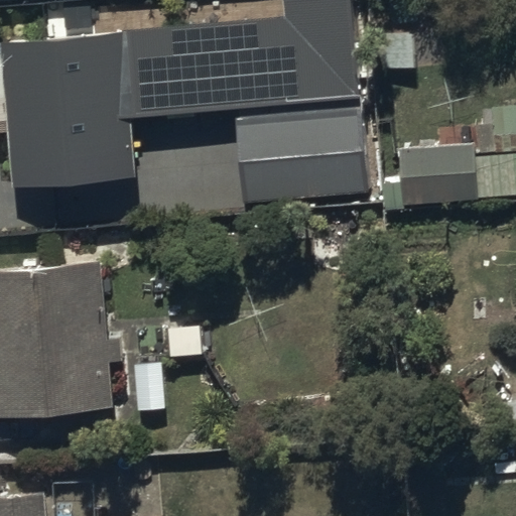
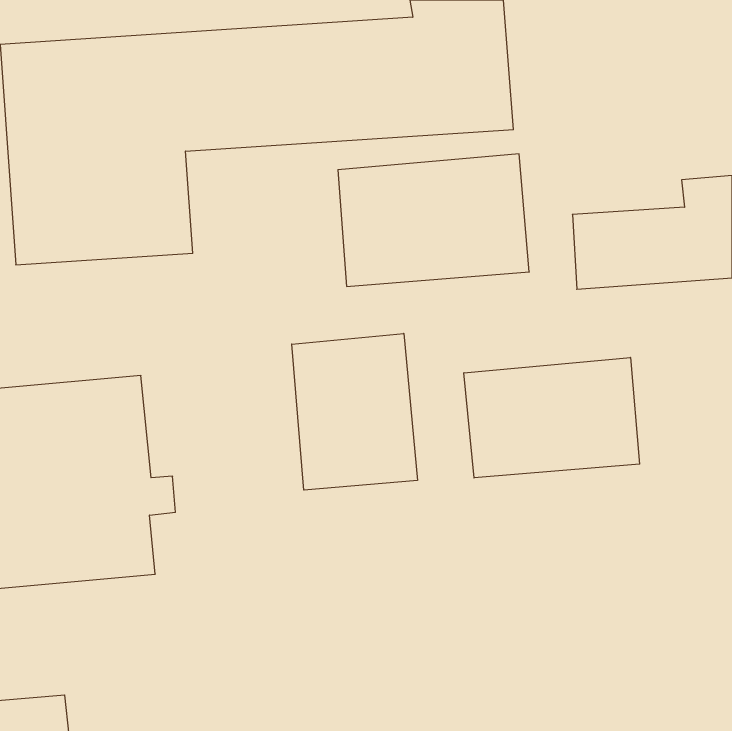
building: none -> [292,333,417,490]
building: none -> [464,357,640,478]

